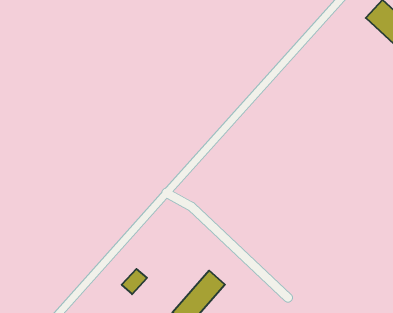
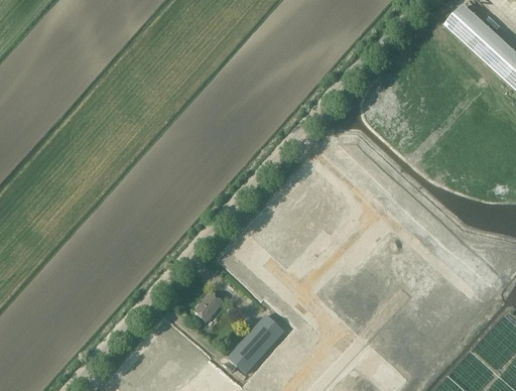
building: [122,269,147,294] -> [194,293,223,322]

